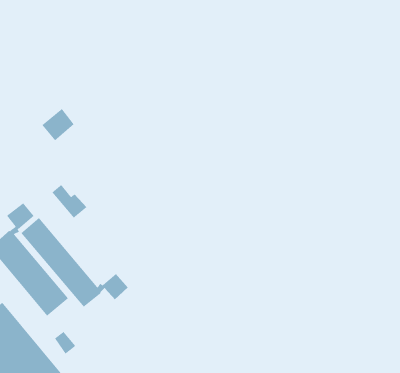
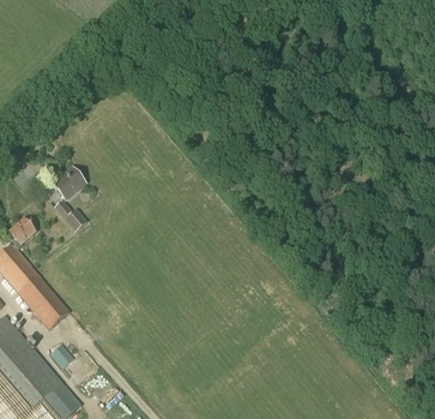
building: [41,108,74,141] -> [53,167,85,199]
building: [20,217,128,307] -> none

